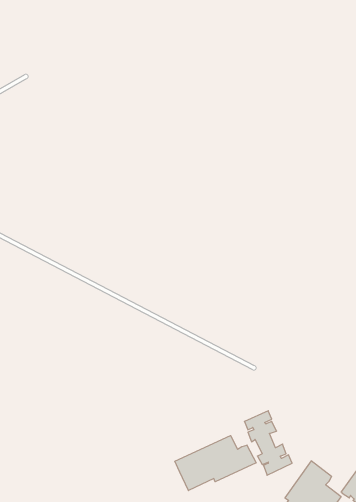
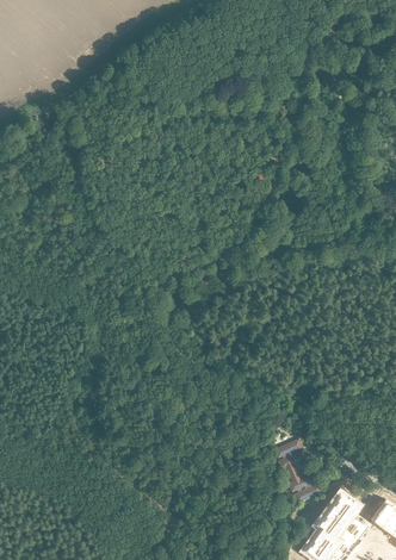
building: [175,436,256,491] -> none

